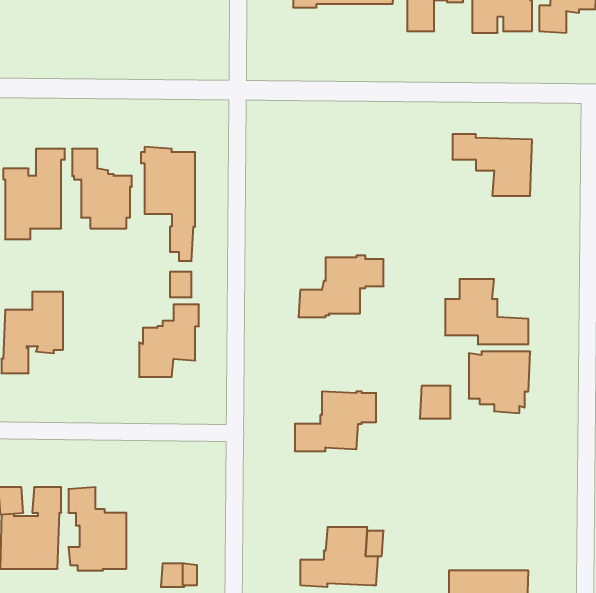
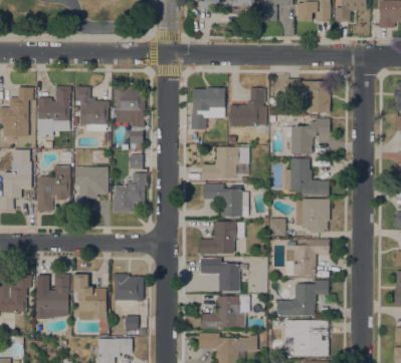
building: none -> [191,87,224,129]
building: none -> [229,87,266,126]
building: none -> [283,118,330,153]
building: none -> [74,162,108,210]
building: none -> [203,184,248,217]
building: none -> [285,239,329,275]
building: none -> [200,258,239,291]
building: none -> [113,274,143,301]
building: none -> [276,280,328,315]

